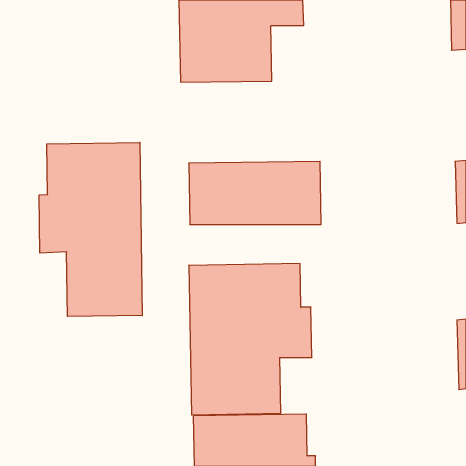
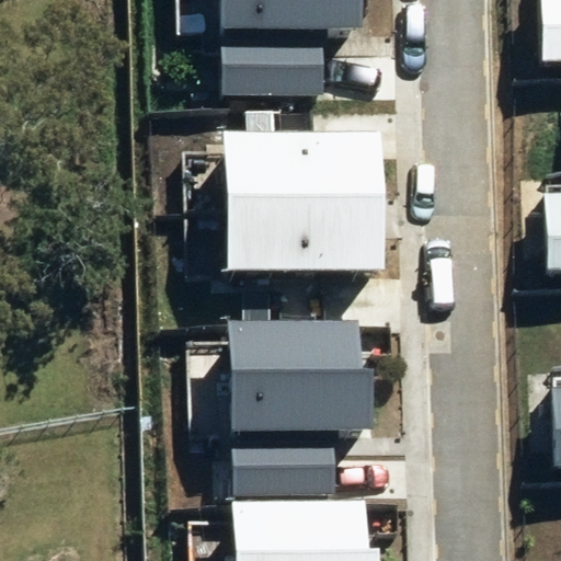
building: none -> [226,129,385,196]
building: [39,142,142,316] -> none

